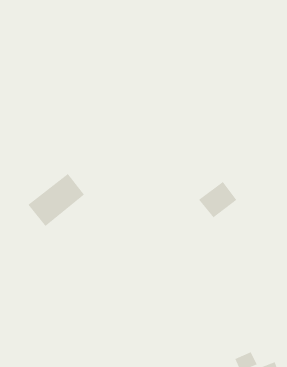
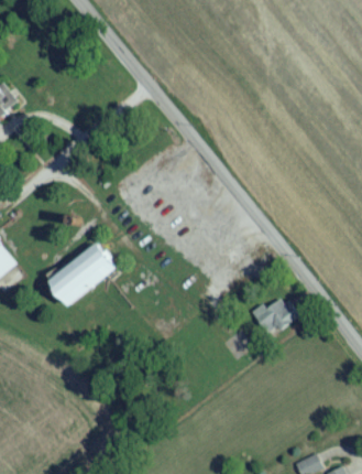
building: [198,181,237,218] -> [253,294,299,338]

